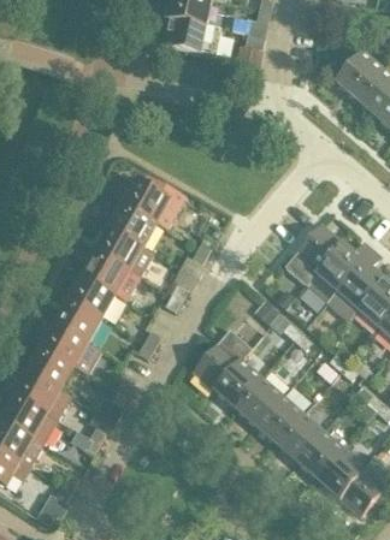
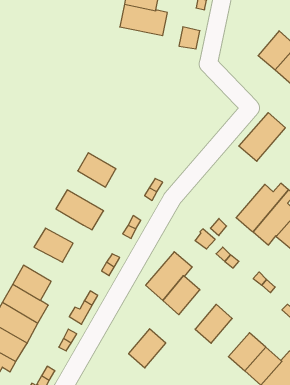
building: [120,174,185,230] -> none
building: [284,225,343,286] -> [239,113,285,161]
building: [94,227,153,278] -> none
building: [66,275,114,319] -> none
building: [39,324,101,375] -> none
building: [235,378,282,427] -> [129,329,166,368]
building: [276,414,324,462] -> none

